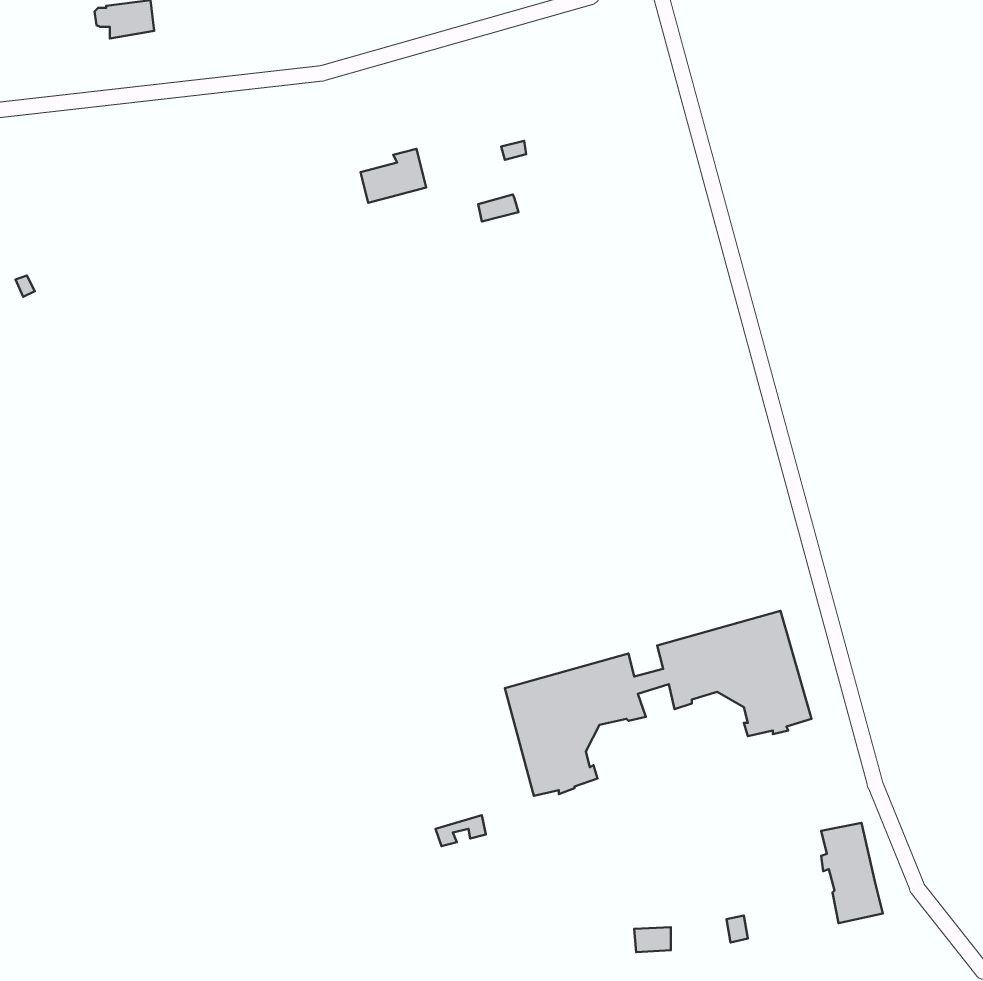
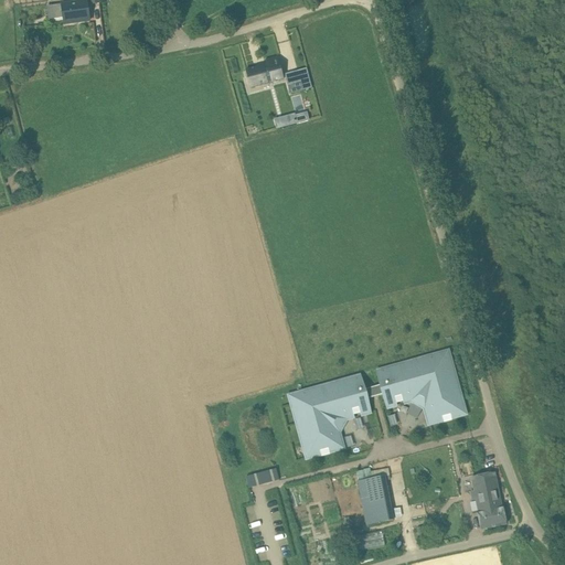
building: [361,149,426,203] -> [245,55,282,86]
building: none -> [358,475,393,523]

